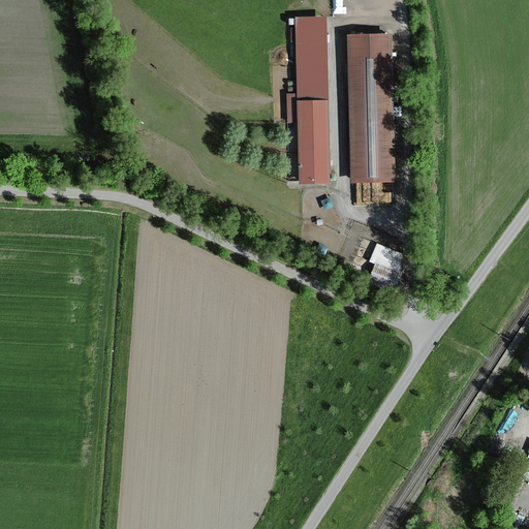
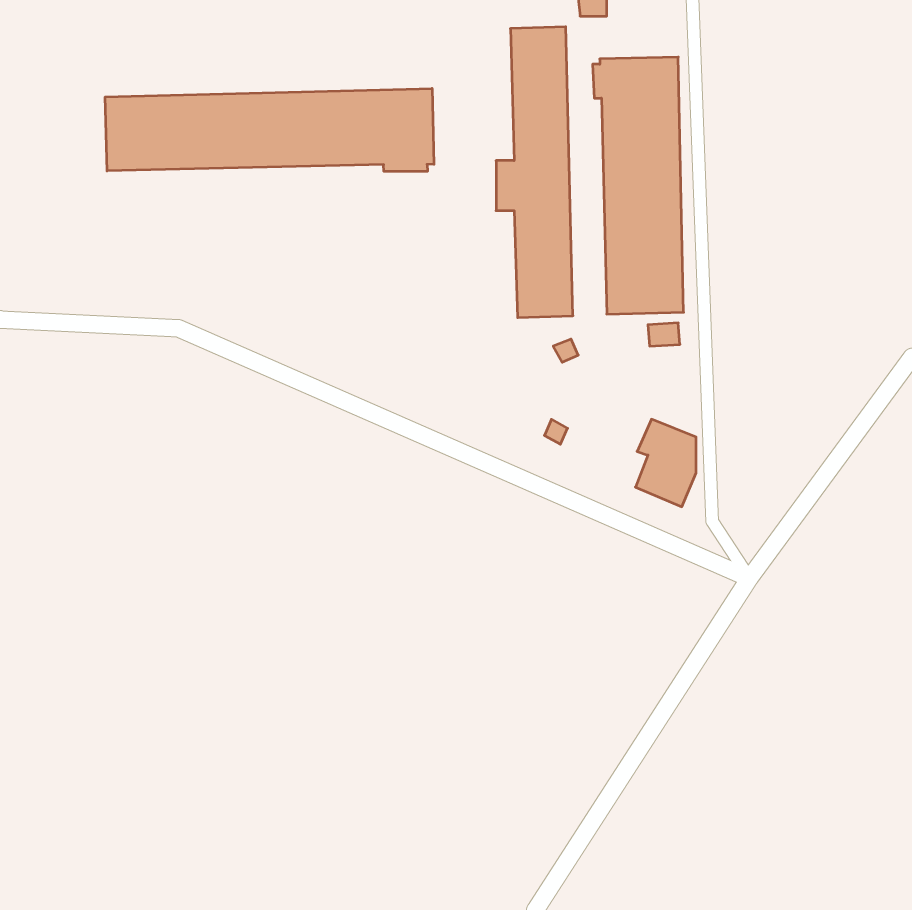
building: none -> [105,88,434,171]

